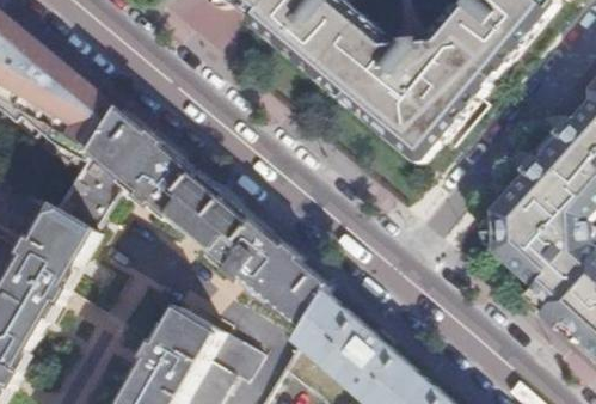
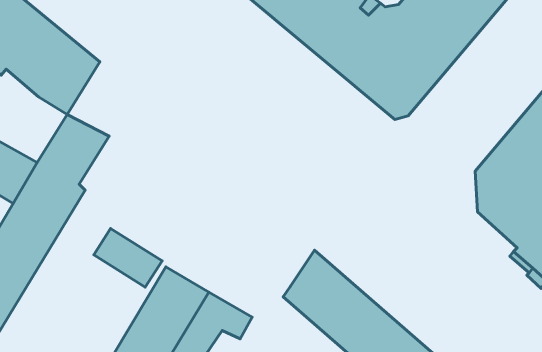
building: [84,102,333,325] -> none

